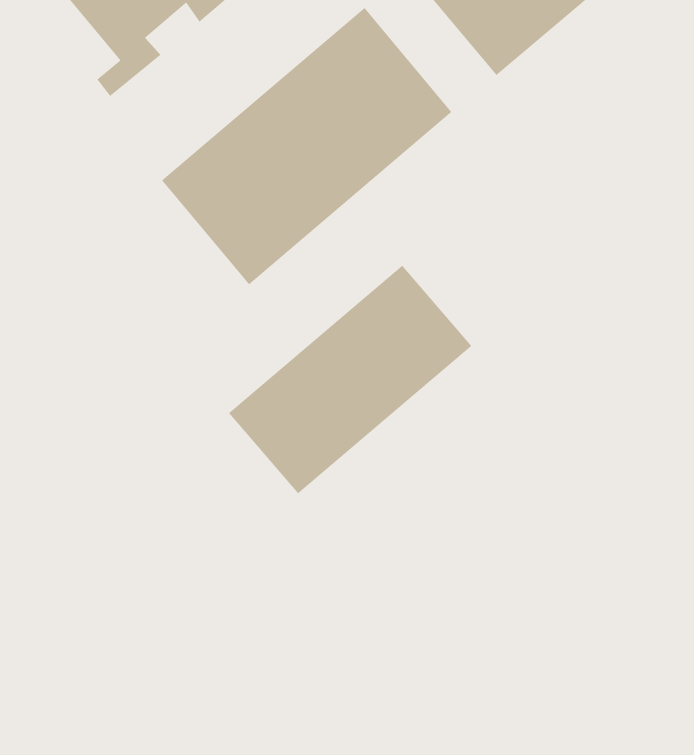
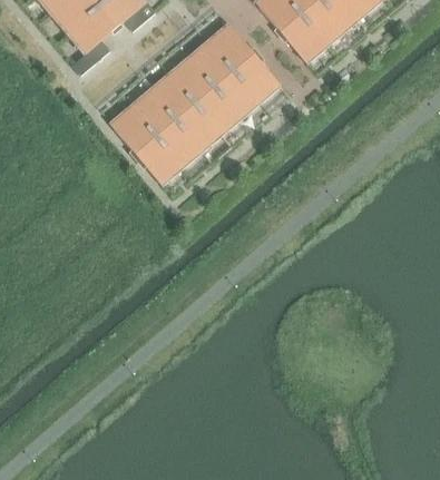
building: [228,265,472,494] -> none

